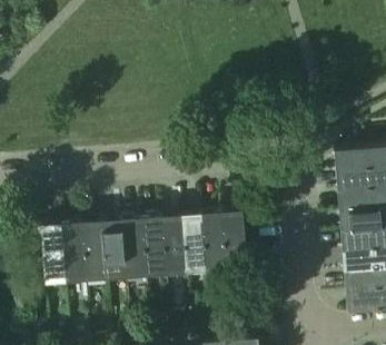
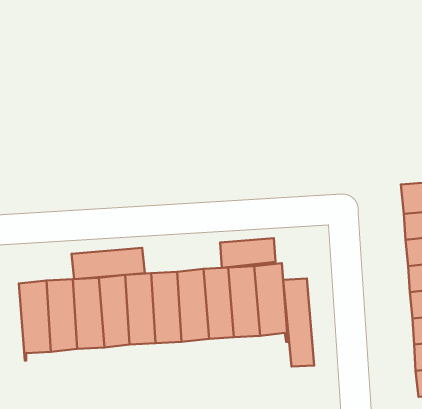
building: none -> [220,238,275,268]
building: none -> [71,248,145,279]
building: none -> [283,279,314,367]

